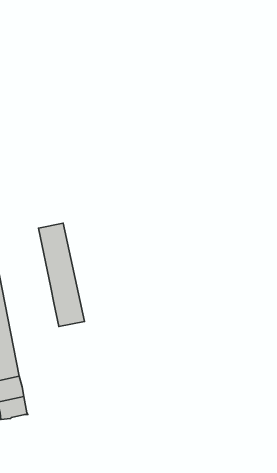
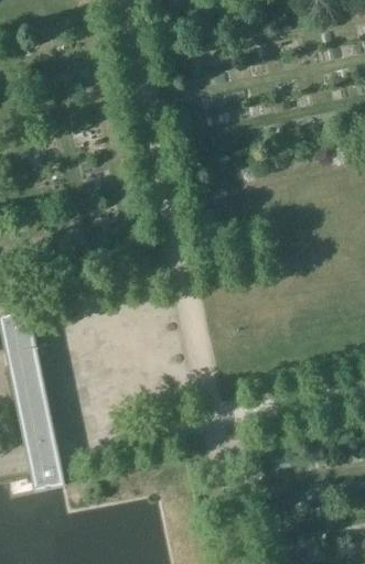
building: [38,223,84,327] -> none

